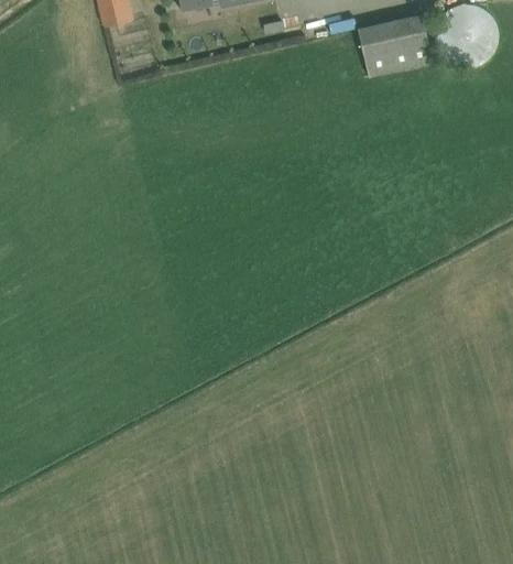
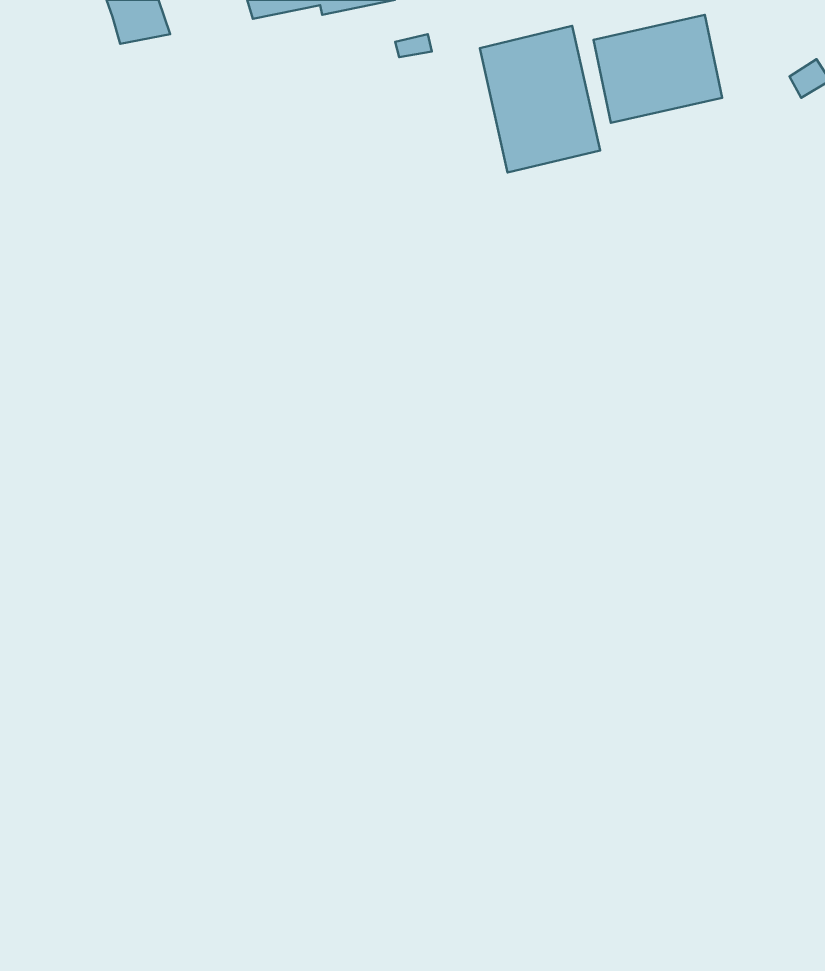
building: none -> [480,26,600,172]

